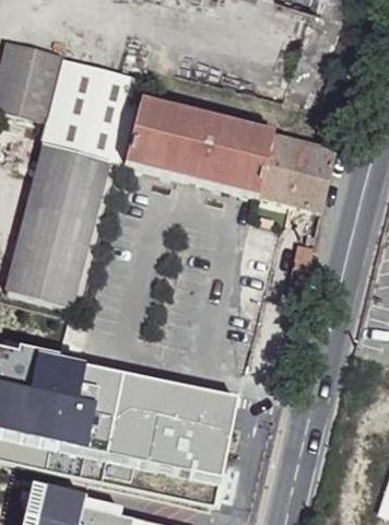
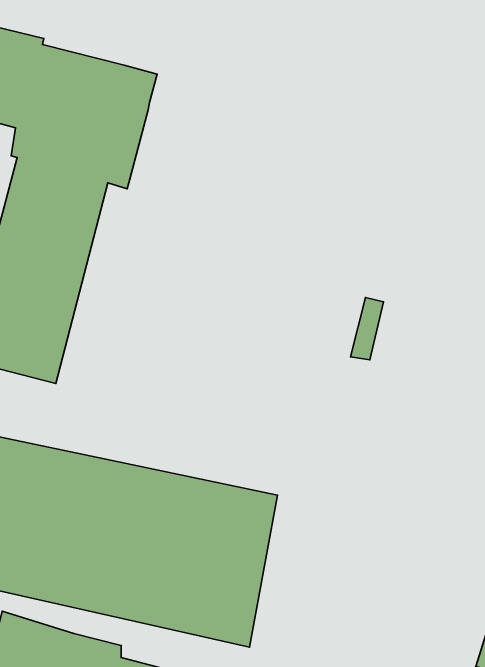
building: [126,107,335,213] -> none

